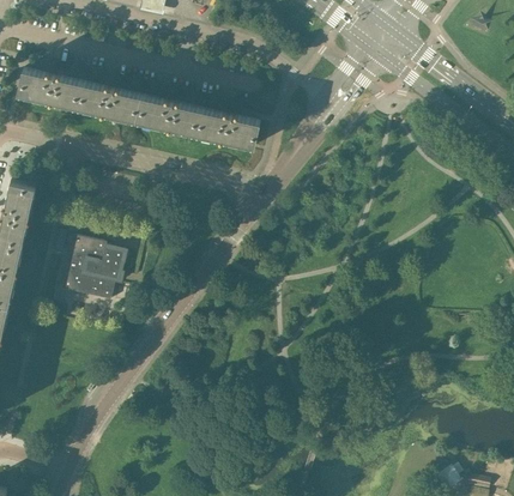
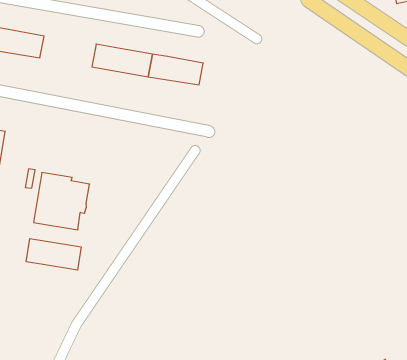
building: [79,81,143,119] -> none
building: none -> [26,239,81,270]

